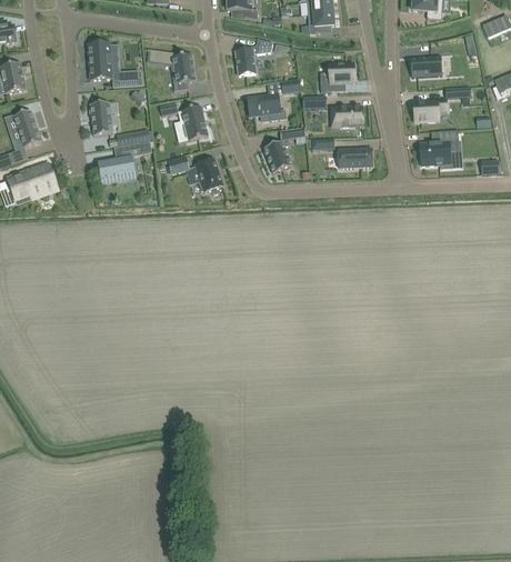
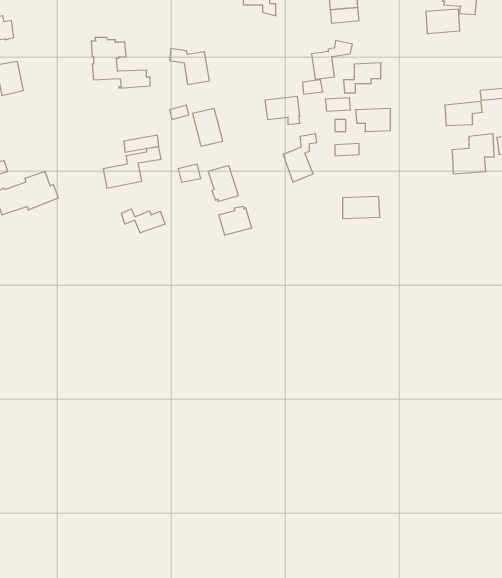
building: [234,39,272,74] -> [311,41,352,79]
building: [410,54,441,77] -> [426,9,460,33]
building: [89,102,113,136] -> none
building: [13,110,40,148] -> none
building: [338,148,372,168] -> [343,197,380,218]
building: none -> [219,206,252,235]
building: none -> [122,209,165,233]

